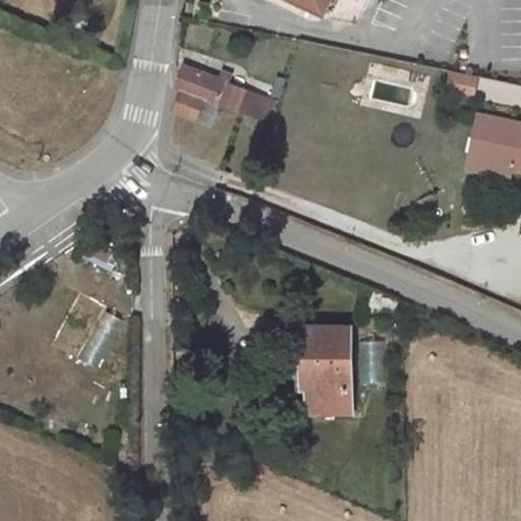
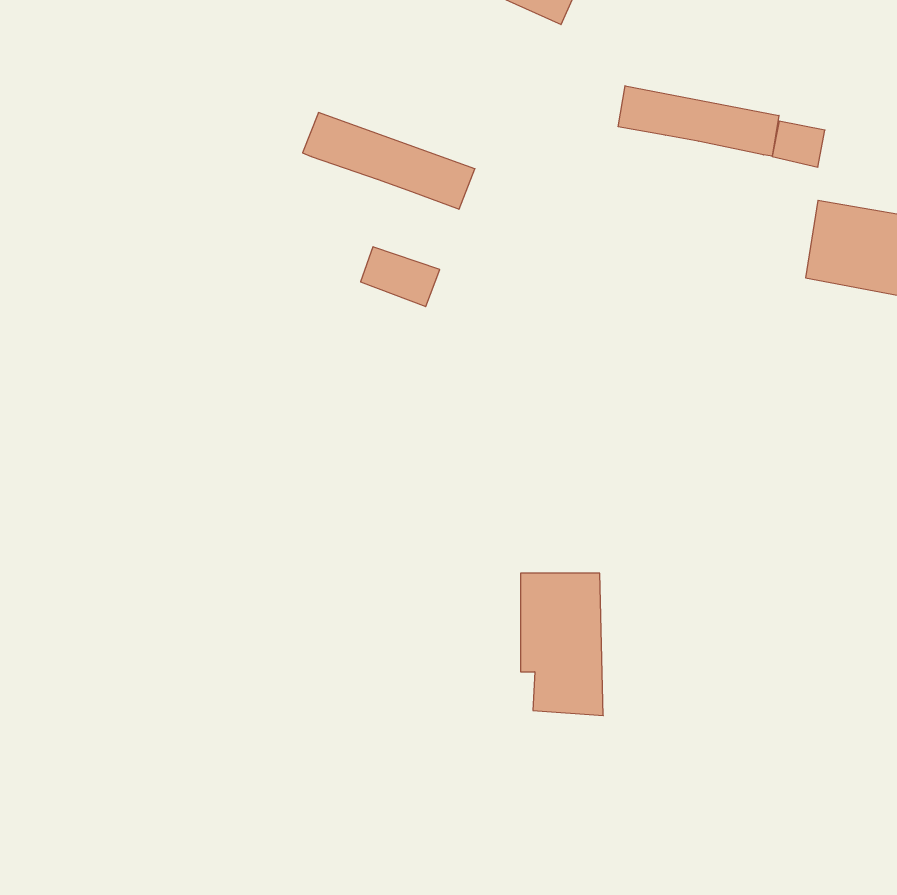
building: none -> [618,86,779,156]
building: [174,91,220,125] -> [361,247,440,307]

